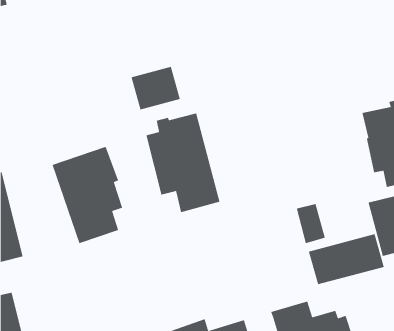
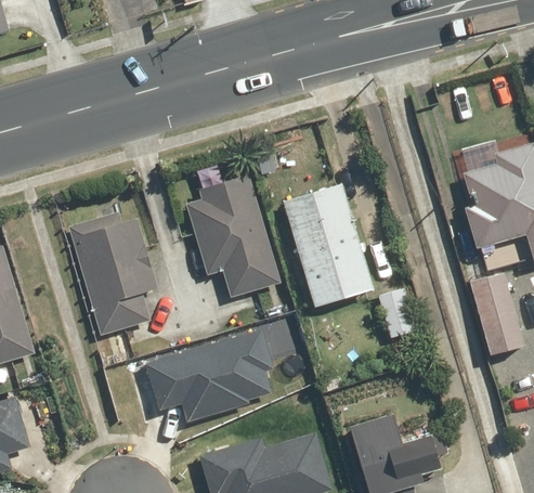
building: [130,66,181,110] -> none
building: none -> [278,183,372,307]
building: [308,233,385,285] -> none
building: none -> [144,332,271,421]

